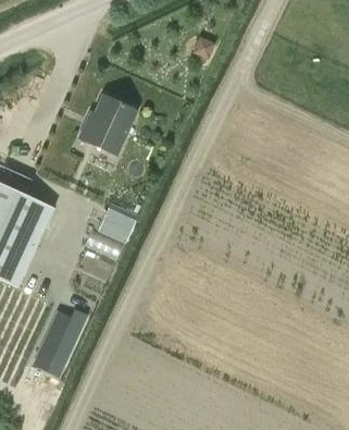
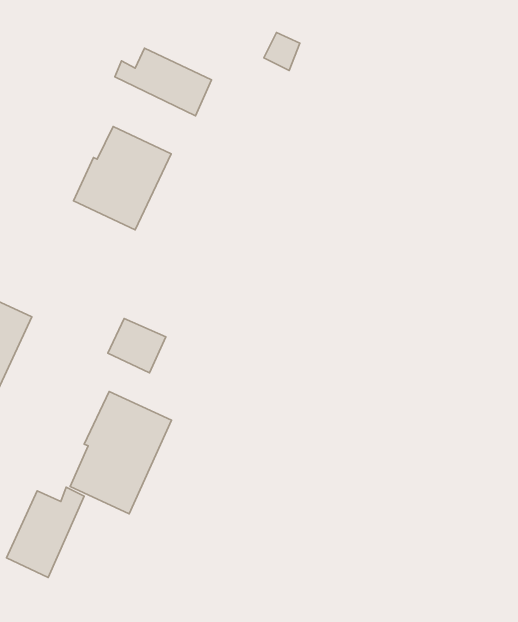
building: none -> [115,48,212,116]
building: none -> [70,392,172,514]

